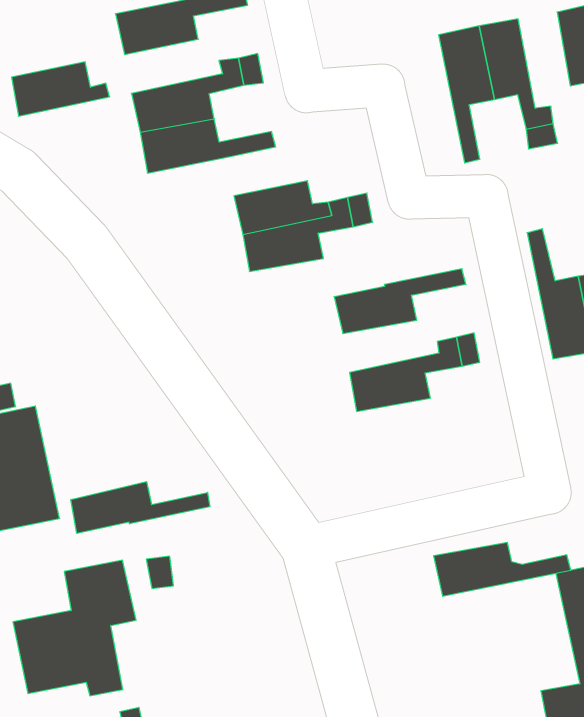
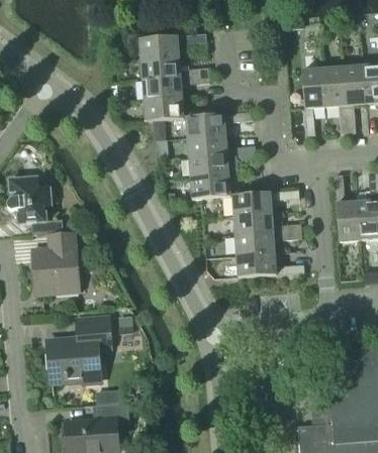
building: none -> [343,67,365,114]
building: [12,62,110,116] -> [140,58,189,81]
building: none -> [186,113,253,139]
building: none -> [190,177,258,200]
building: none -> [233,214,281,236]
building: [71,482,210,533] -> none
building: [434,542,571,596] -> [235,254,304,277]

